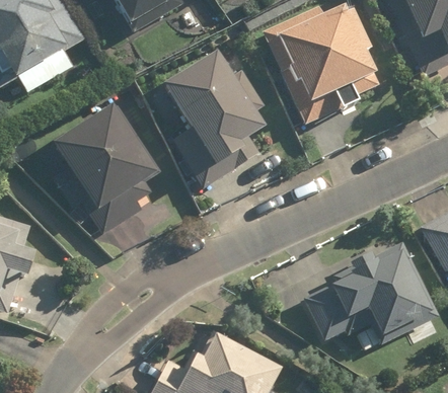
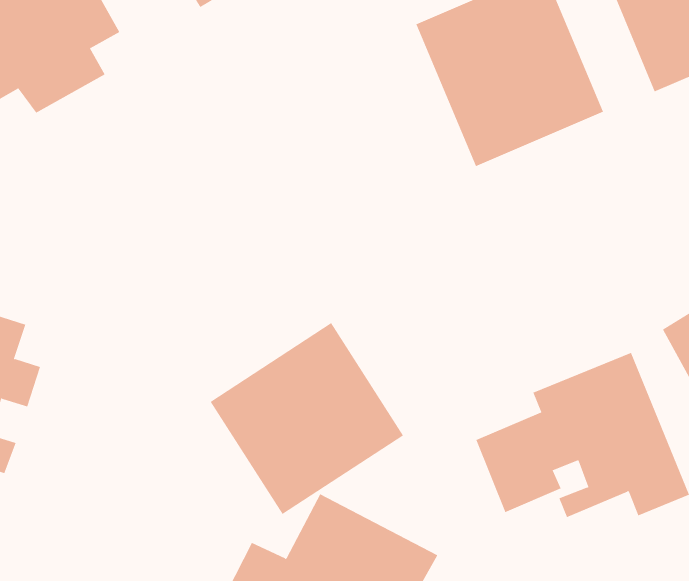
building: [165,54,266,190] -> none
building: [54,102,159,235] -> none
building: none -> [210,322,404,515]

